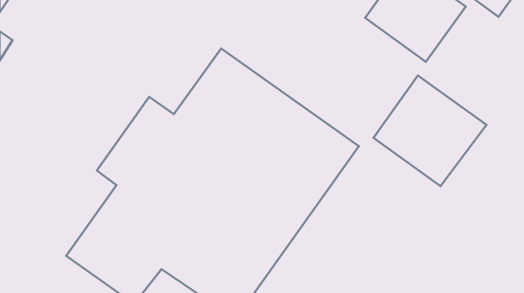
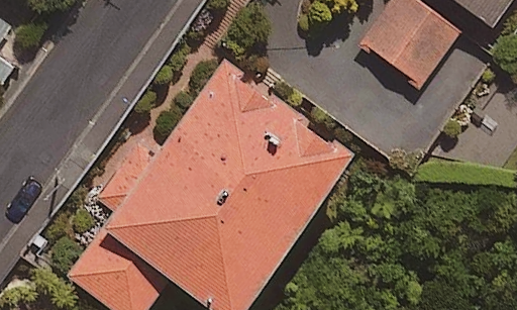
building: [373,76,486,186] -> none

